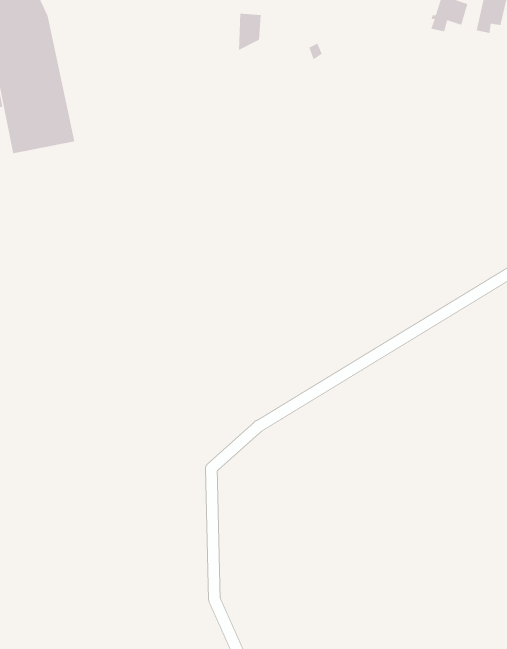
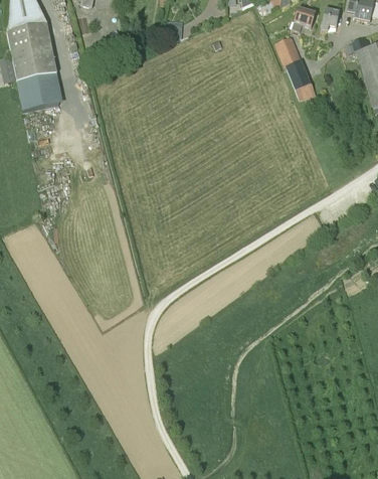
building: none -> [275,38,317,100]

